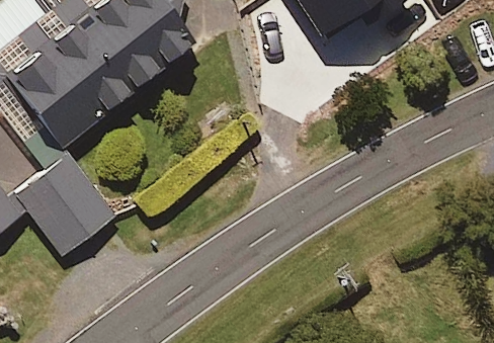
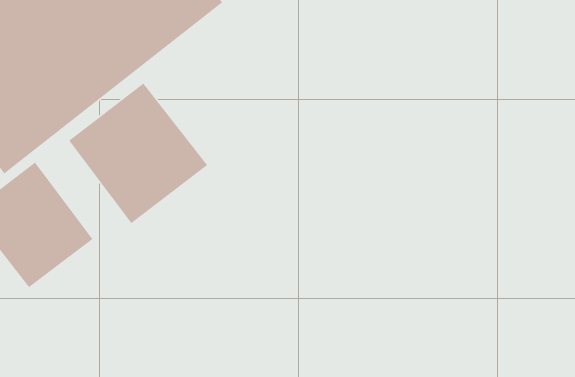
building: none -> [68,82,208,224]

